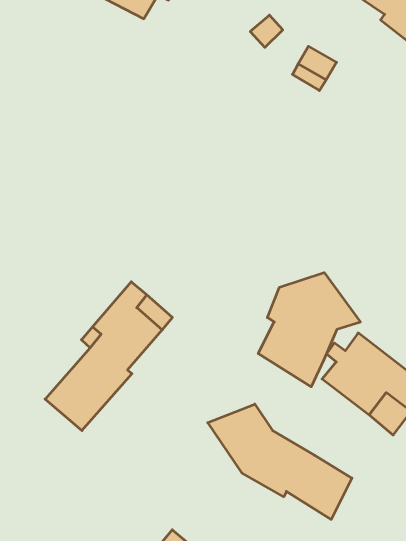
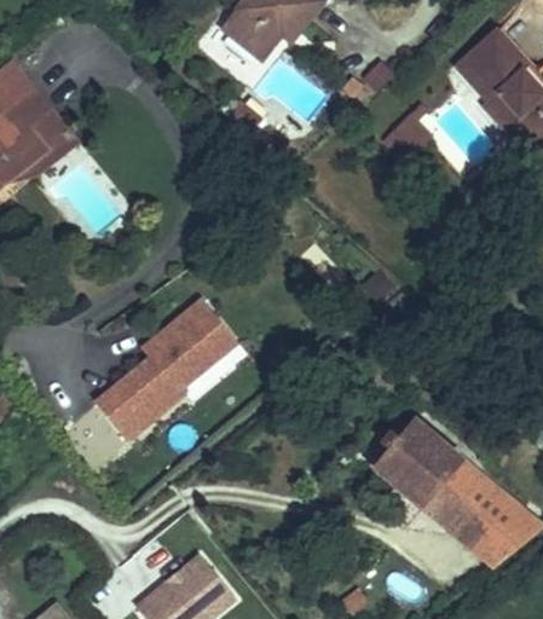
building: [258,273,360,387] -> none
building: [208,404,352,519] -> none

